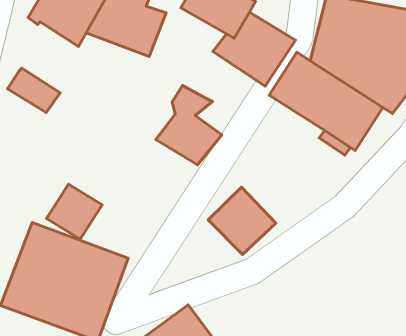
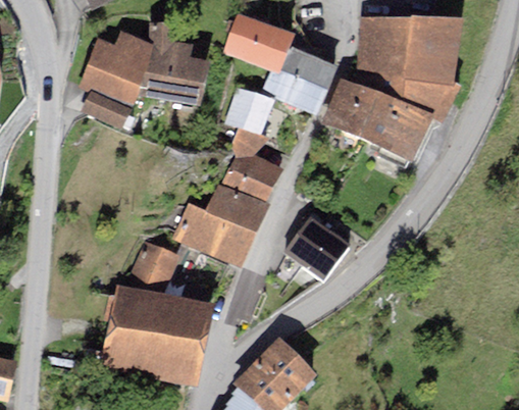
building: none -> [223,86,273,135]
building: [8,68,60,113] -> [80,89,131,127]
building: none -> [172,182,269,266]

